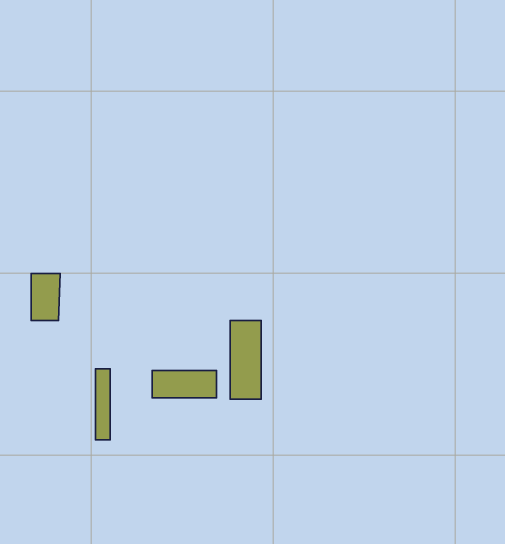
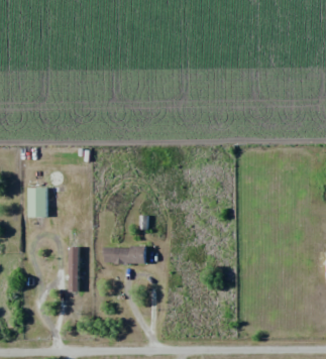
building: [230,320,261,399] -> none

